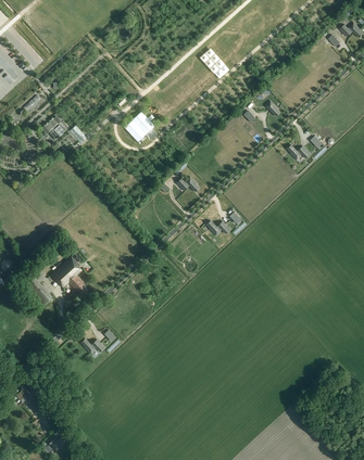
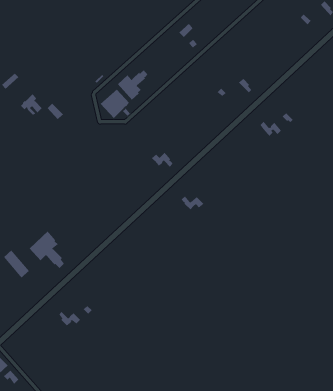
building: none -> [117,70,148,101]

